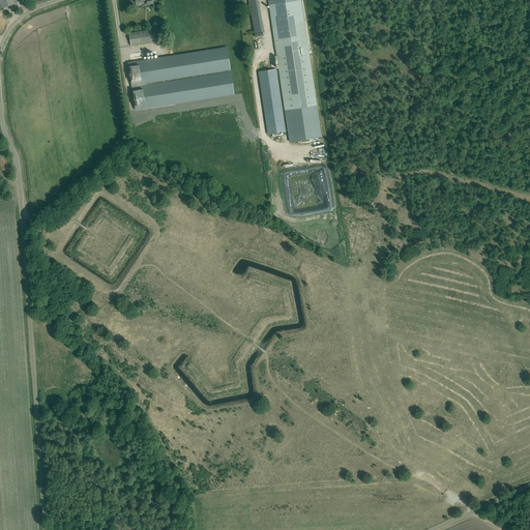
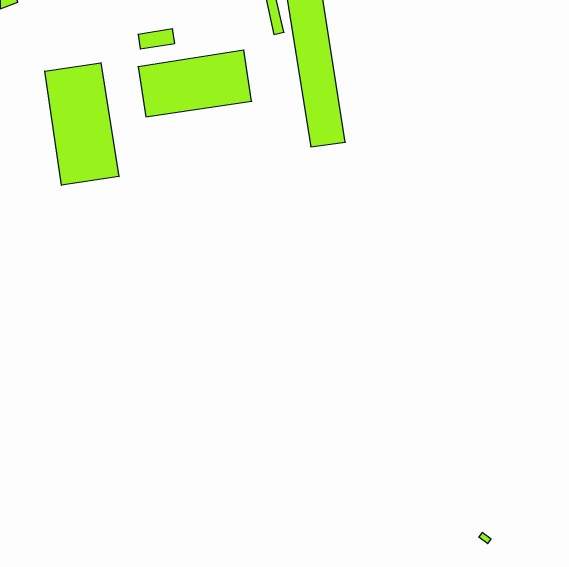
building: none -> [45,63,119,185]
building: [258,68,286,134] -> none

